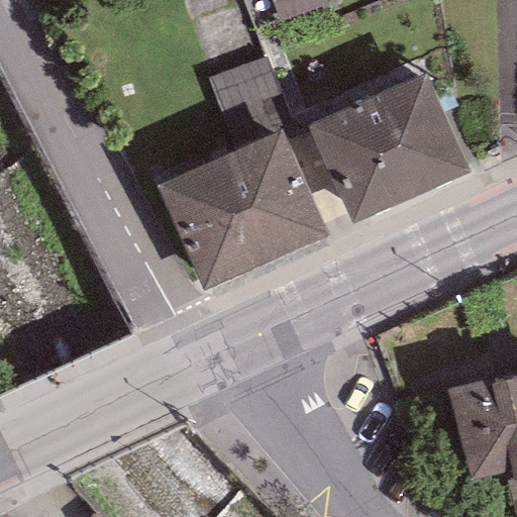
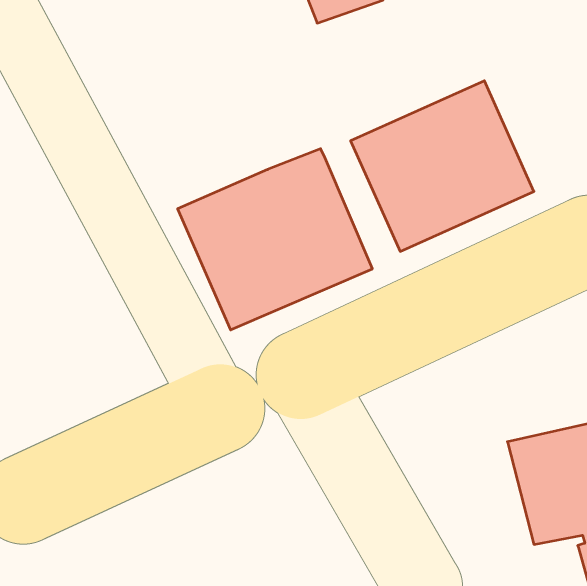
building: [208,54,296,148] -> none

